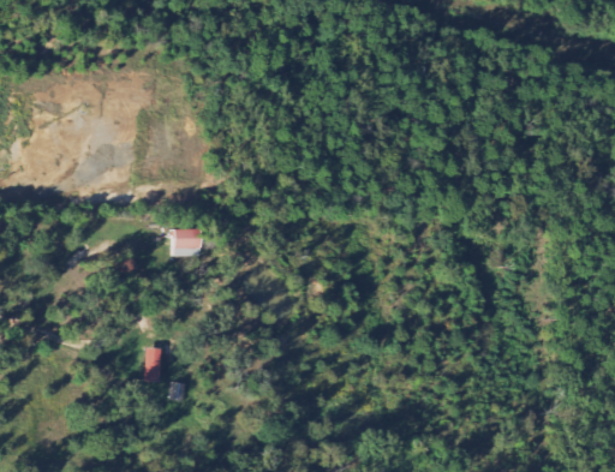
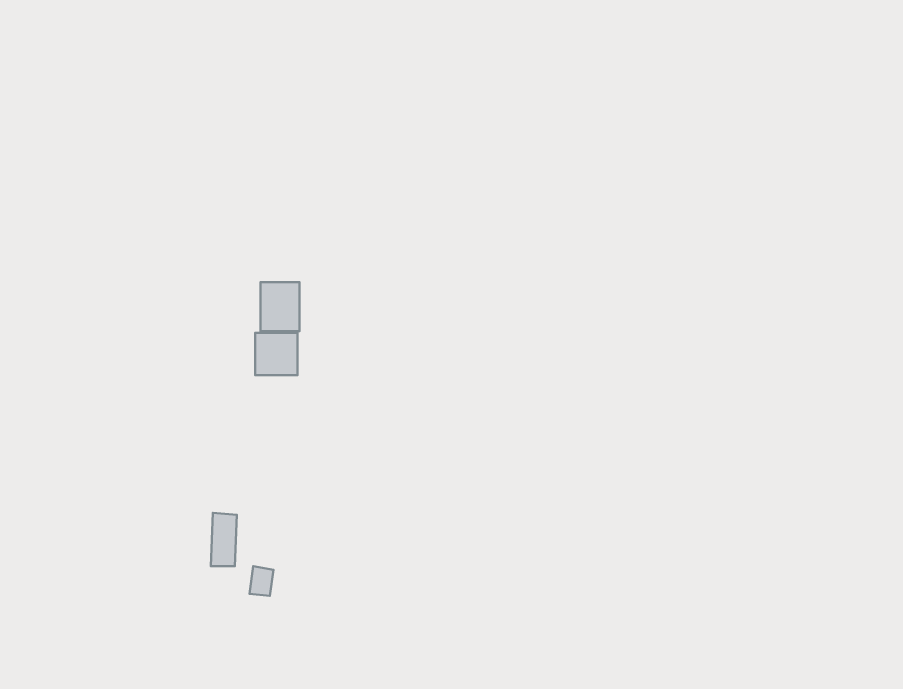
building: none -> [261,282,300,331]

